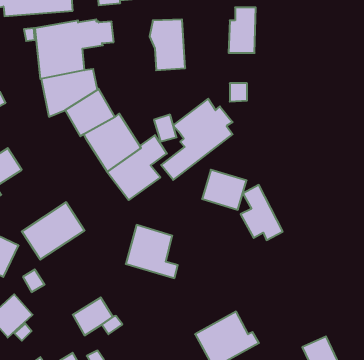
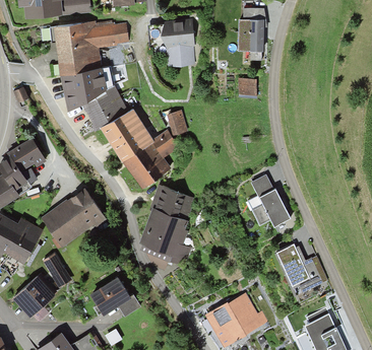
building: [161,99,233,180] -> none
building: [202,170,247,210] -> [150,185,192,222]
building: none -> [275,246,320,290]

